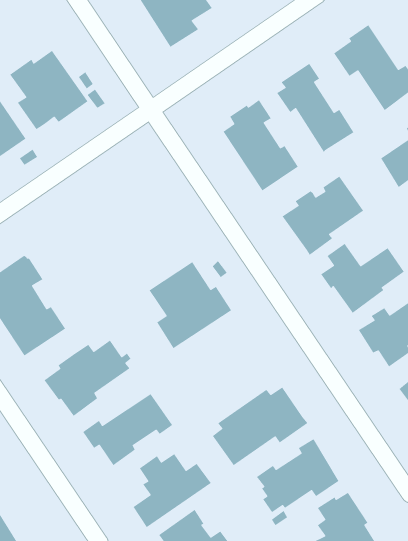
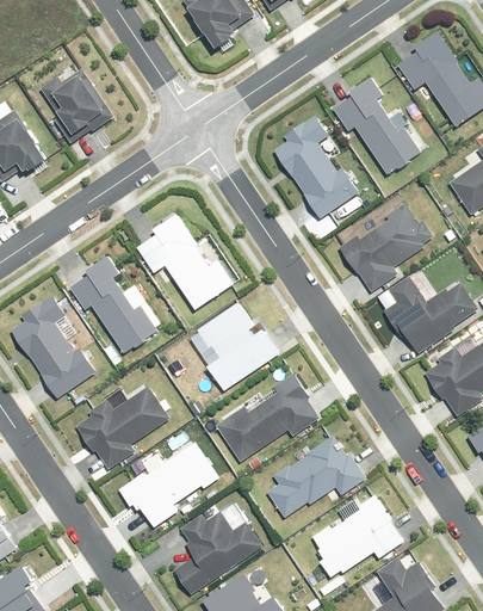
building: none -> [129,208,239,316]
building: none -> [69,257,157,353]
building: none -> [216,375,320,461]

